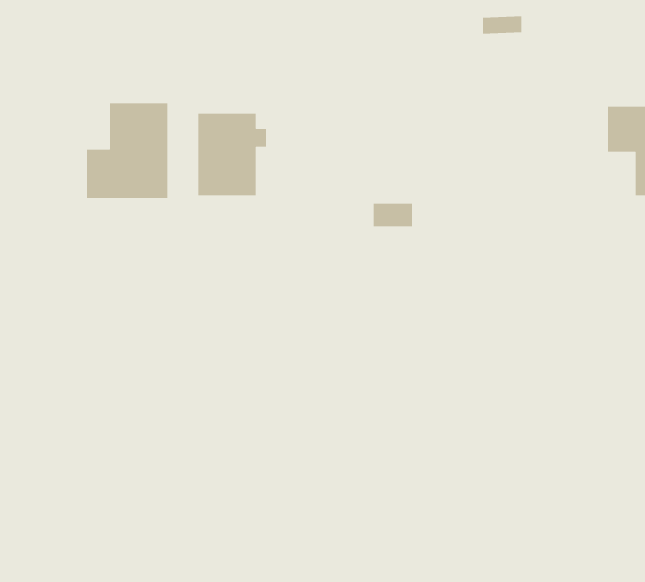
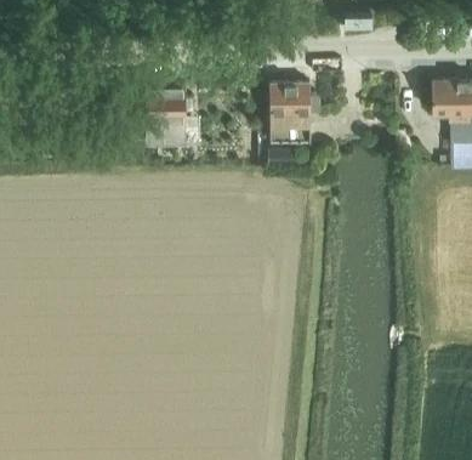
building: [86,102,168,199] -> none
building: none -> [268,84,319,143]

